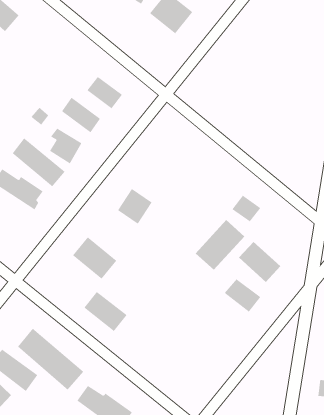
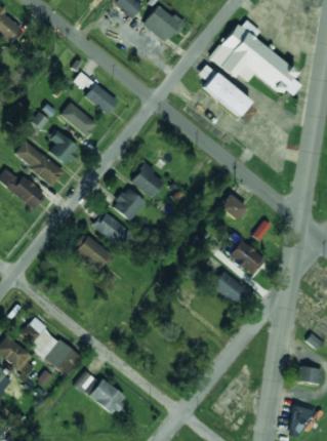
building: none -> [210,17,301,95]
building: none -> [198,66,251,117]
building: none -> [131,164,166,198]
building: [195,219,245,271] -> none
building: [83,291,127,332] -> [93,211,134,249]

